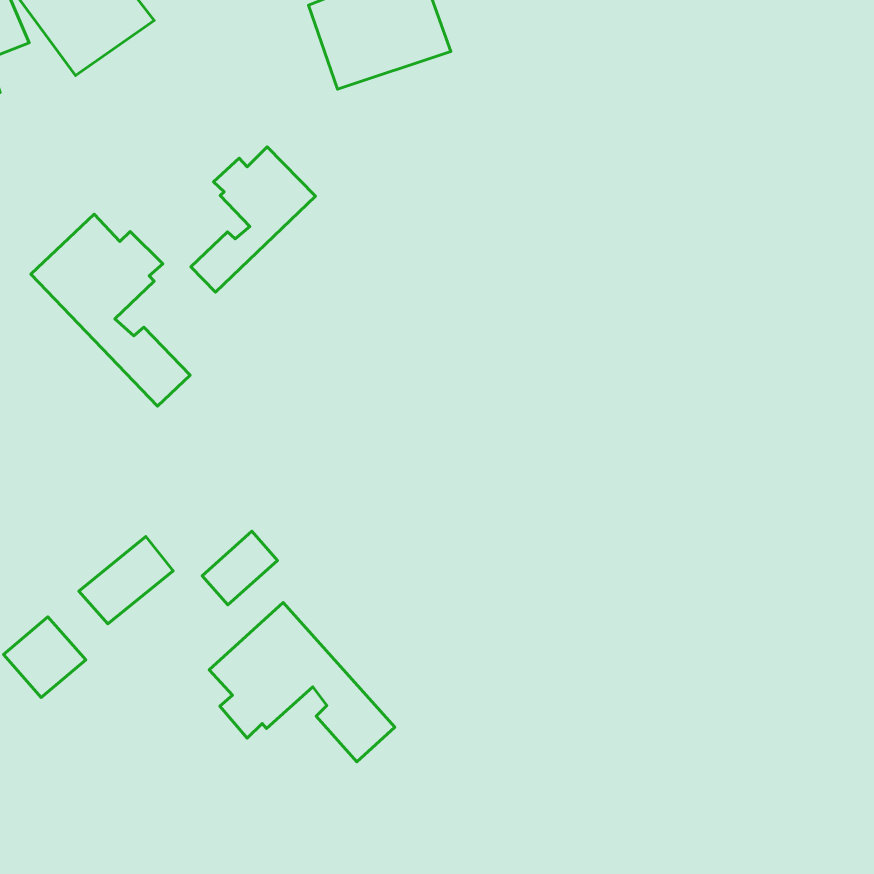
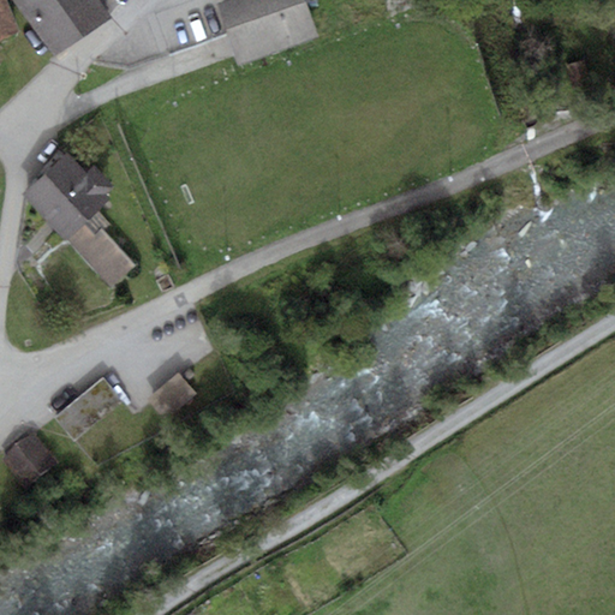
building: [191,147,316,292] -> none
building: [209,603,395,762] -> none

